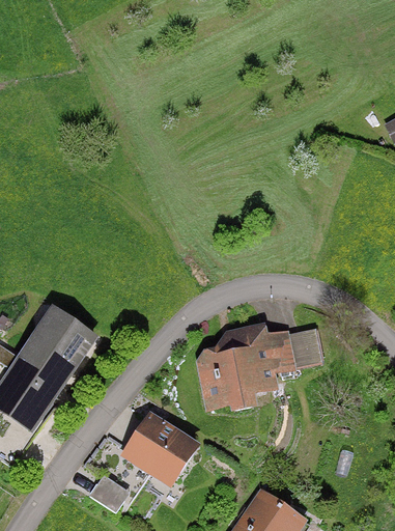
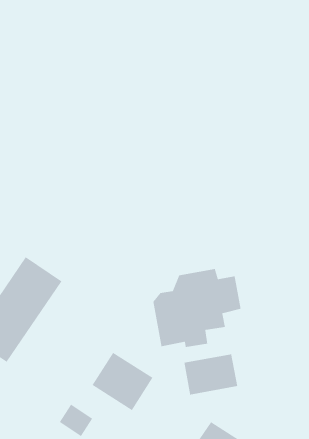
building: [288,329,323,368] -> none
building: none -> [184,353,238,395]

